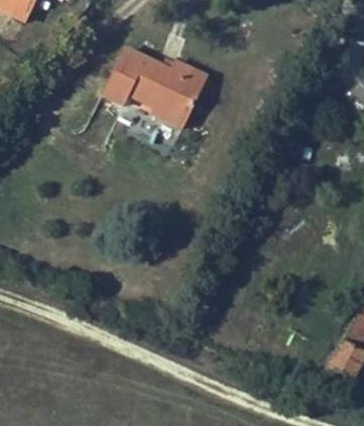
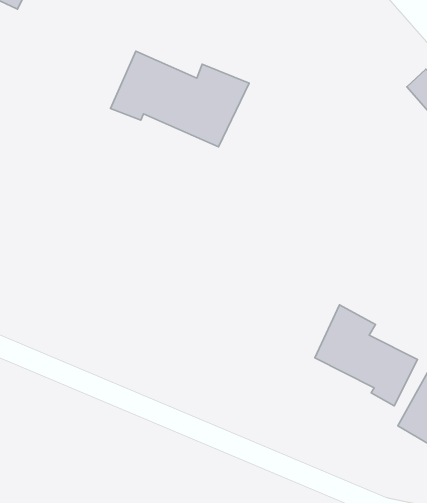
building: none -> [315,305,417,406]

